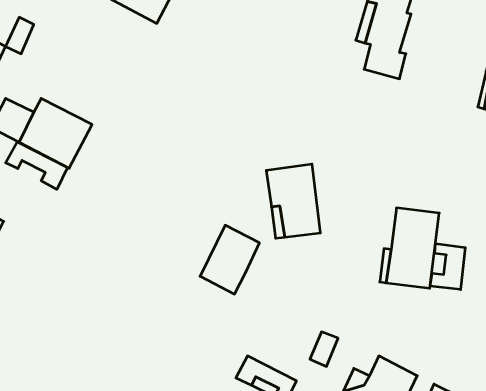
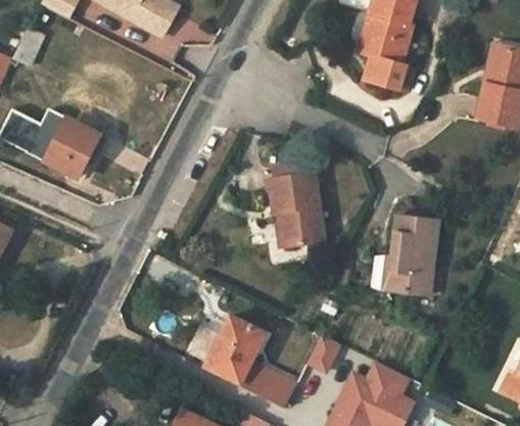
building: [6,142,68,189] -> none
building: [200,225,259,294] -> [205,316,264,383]
building: [430,243,465,290] -> none

